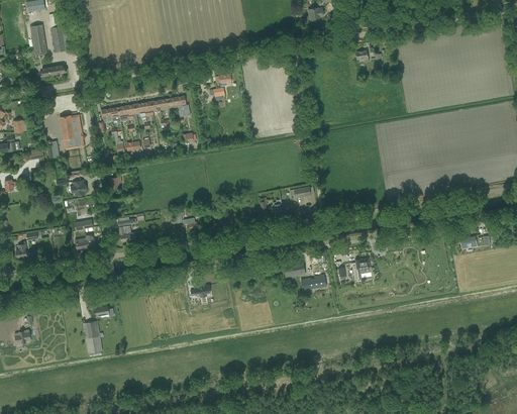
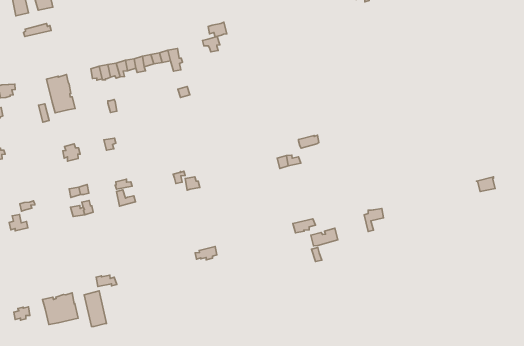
building: none -> [43,293,78,325]

